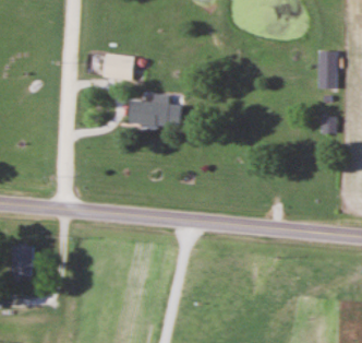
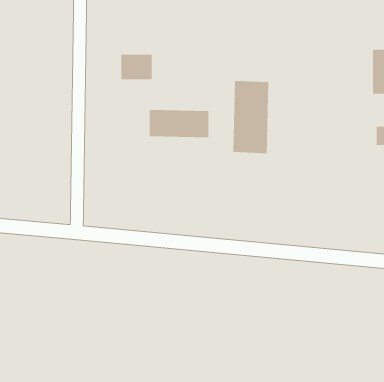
building: none -> [233,80,269,154]
building: [13,245,33,275] -> none

